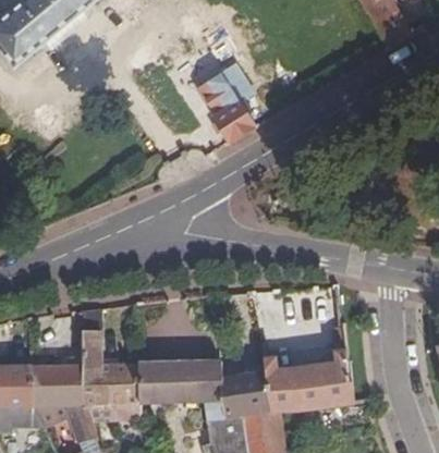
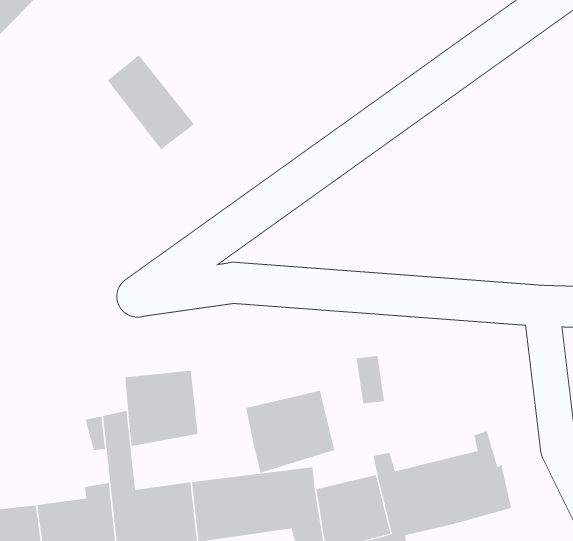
building: [197,74,254,140] -> [107,55,195,150]
building: none -> [125,370,198,447]
building: none -> [246,390,335,473]

